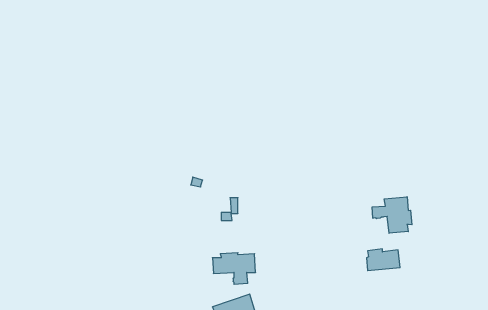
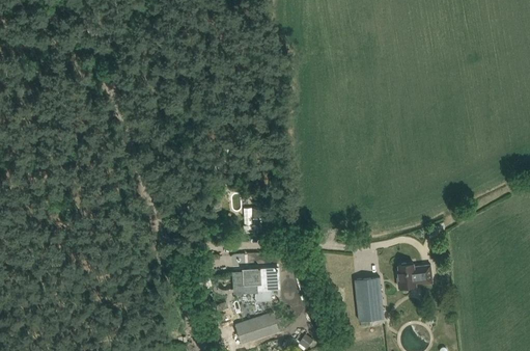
building: [372,197,412,233] -> none
building: none -> [354,277,383,321]

